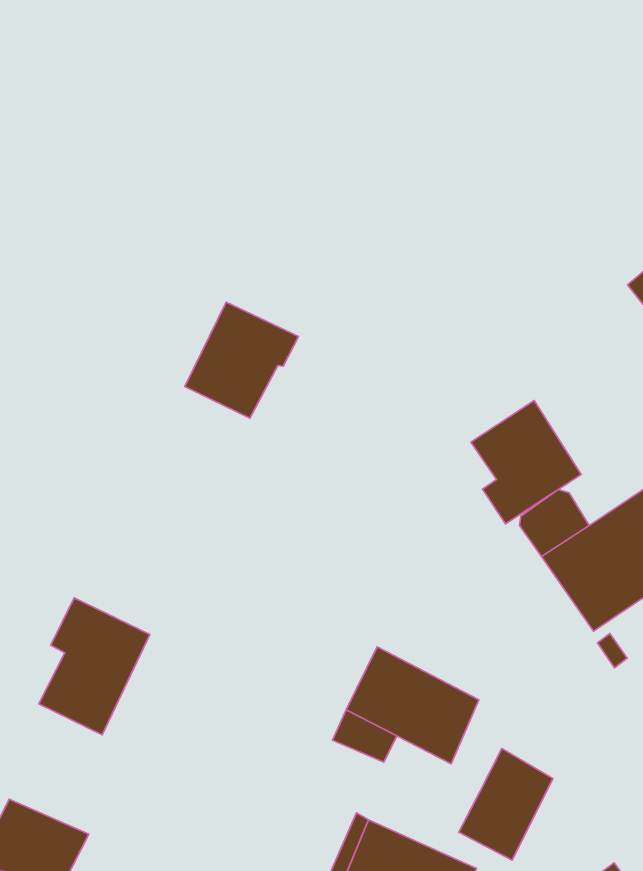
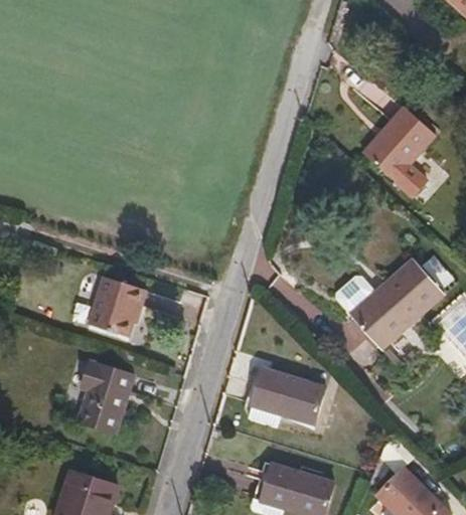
building: [185,302,299,418] -> [90,278,147,338]
building: [471,400,581,524] -> none
building: [459,748,553,860] -> none

